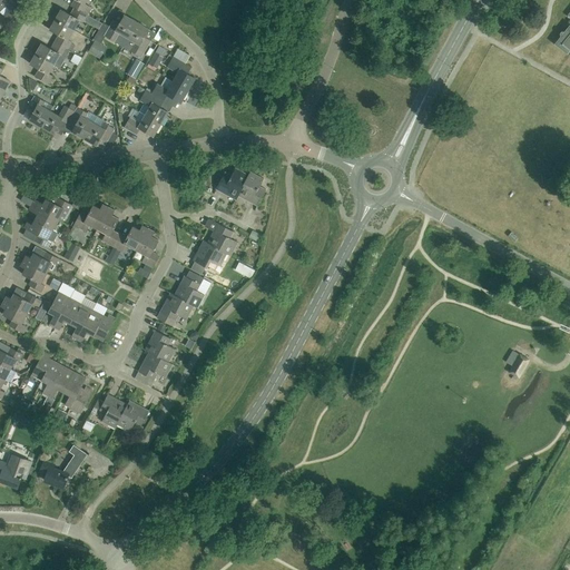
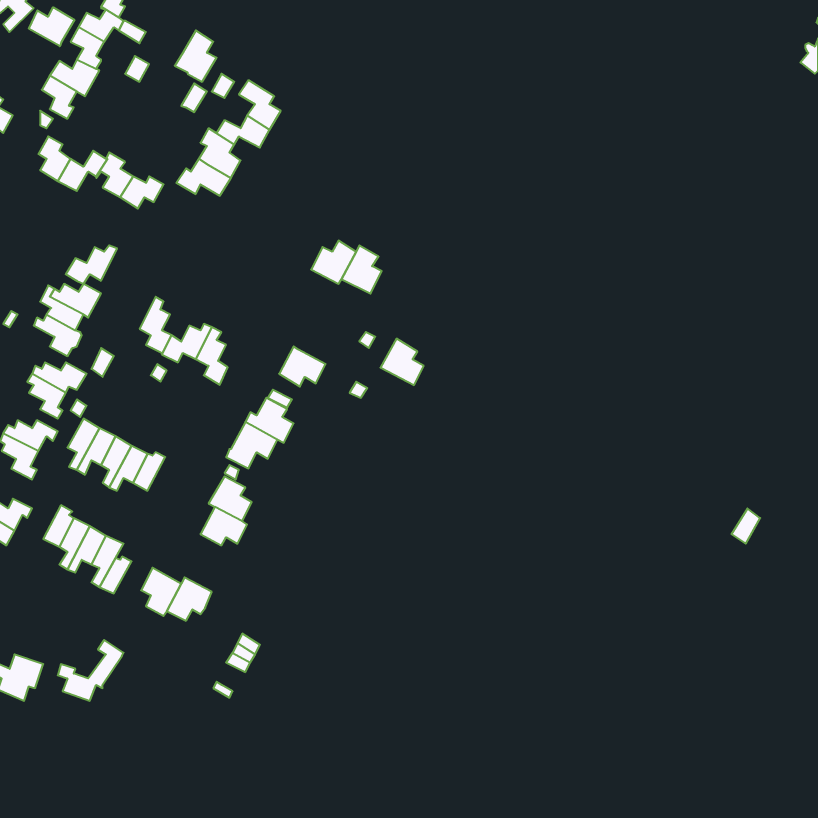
building: none -> [29,7,74,46]
building: [102,14,136,46] -> none
building: [72,204,108,230] -> [66,245,117,284]
building: [207,223,237,255] -> [380,339,424,385]

